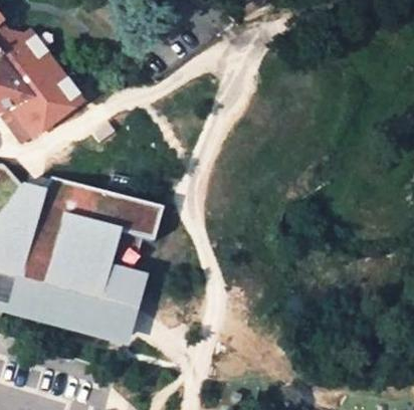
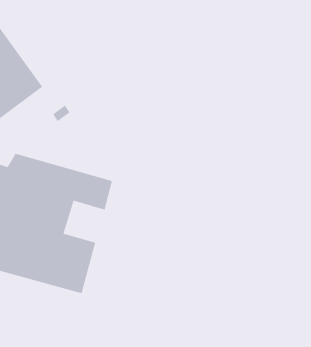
building: [107,233,142,276] -> none

